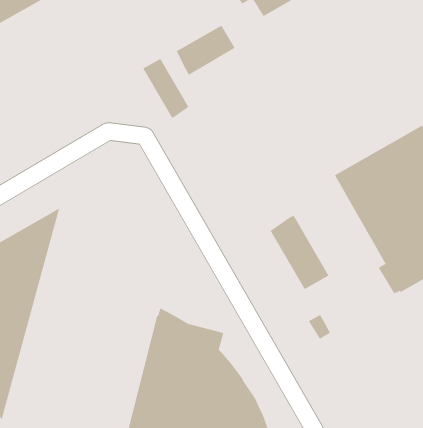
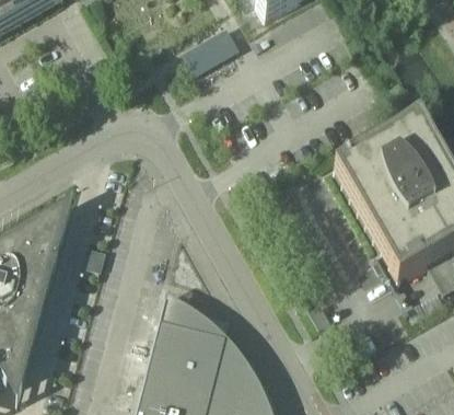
building: [143,58,189,119] -> none
building: [270,215,329,290] -> none

